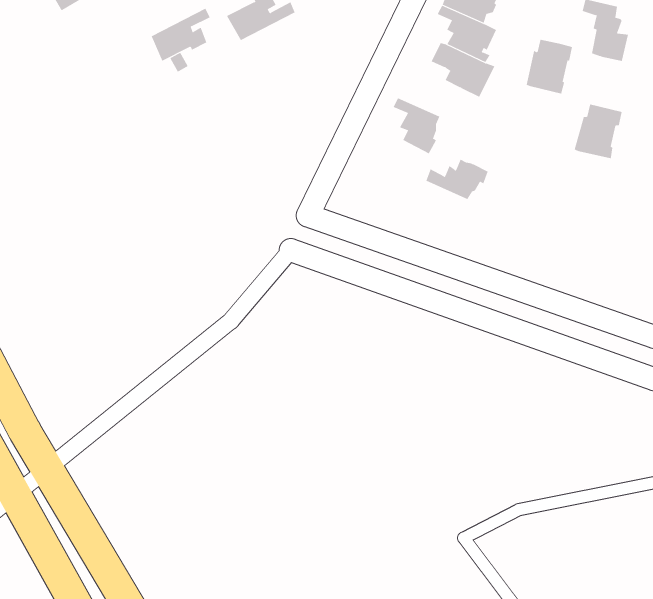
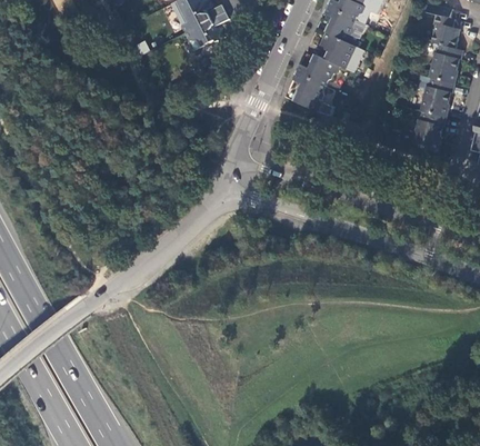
building: [151,8,210,61] -> [186,11,228,49]
building: [526,39,573,94] -> [430,42,463,81]
building: none -> [413,109,448,150]
building: [425,159,488,200] -> [297,56,341,85]

